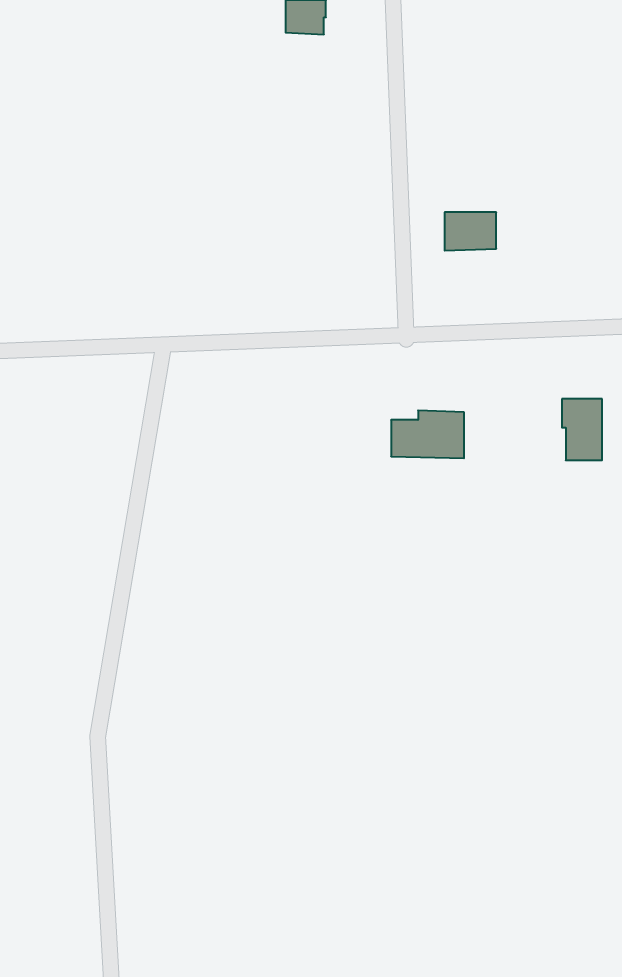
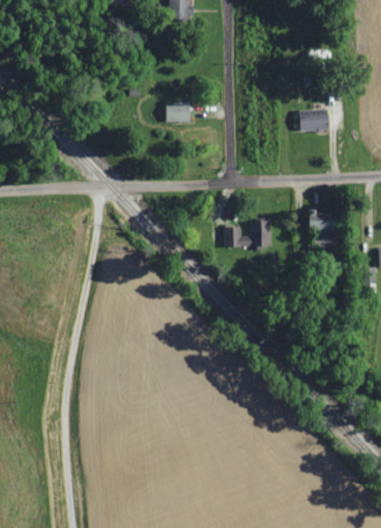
building: none -> [167,104,192,122]
building: [445,212,496,251] -> [301,109,329,130]

